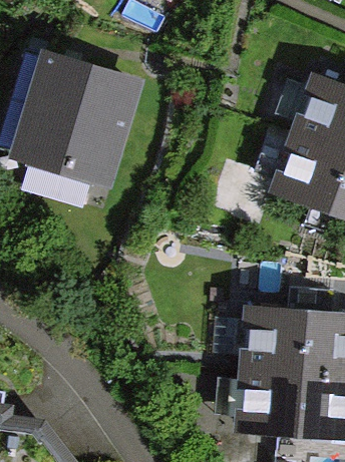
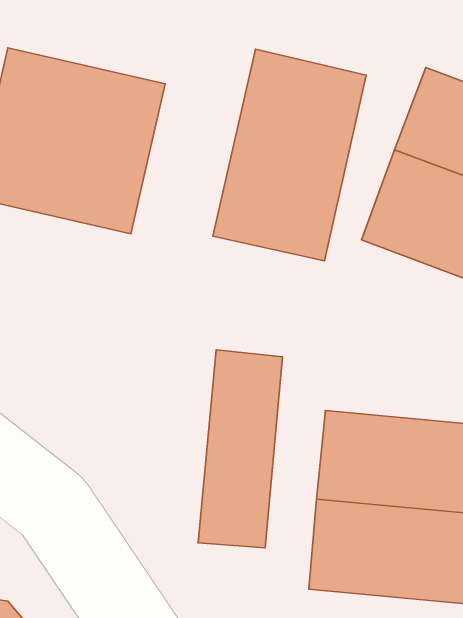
building: none -> [213,49,366,261]
building: none -> [198,350,283,548]

